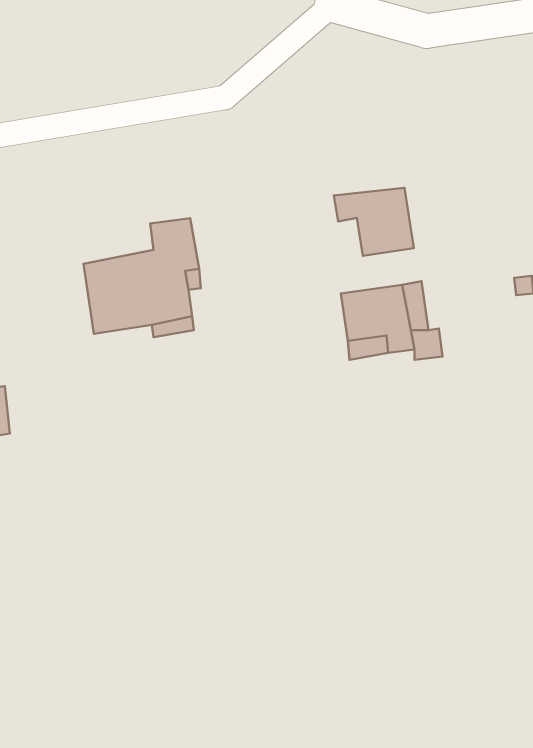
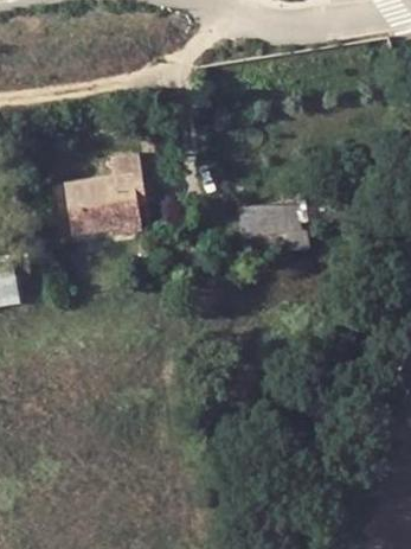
building: [334,188,414,256] -> none

